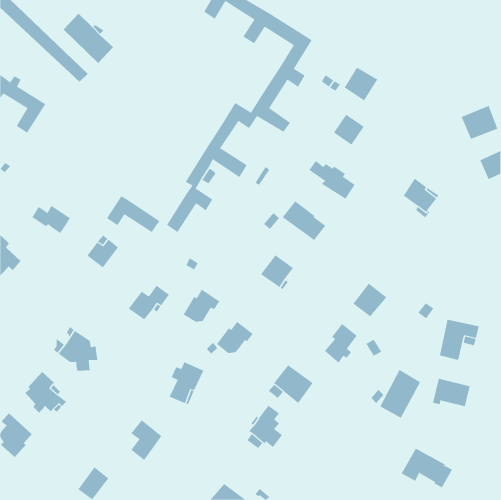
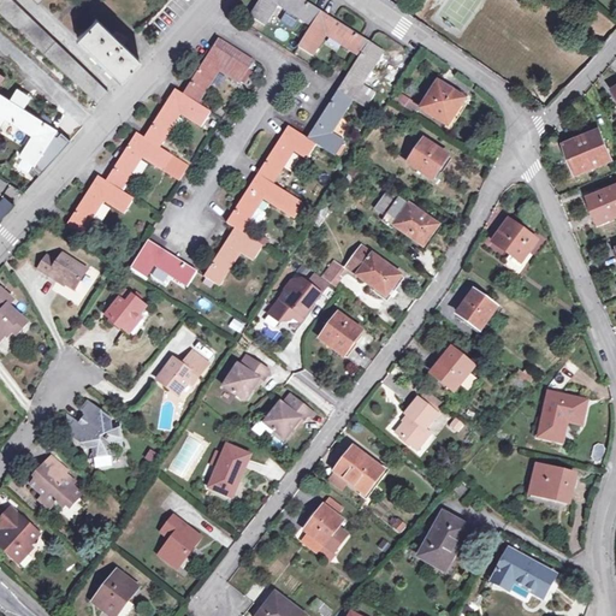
building: none -> [66,37,254,233]
building: none -> [270,273,327,320]
building: none -> [457,289,497,328]
building: [379,369,421,418] -> [417,511,468,571]

